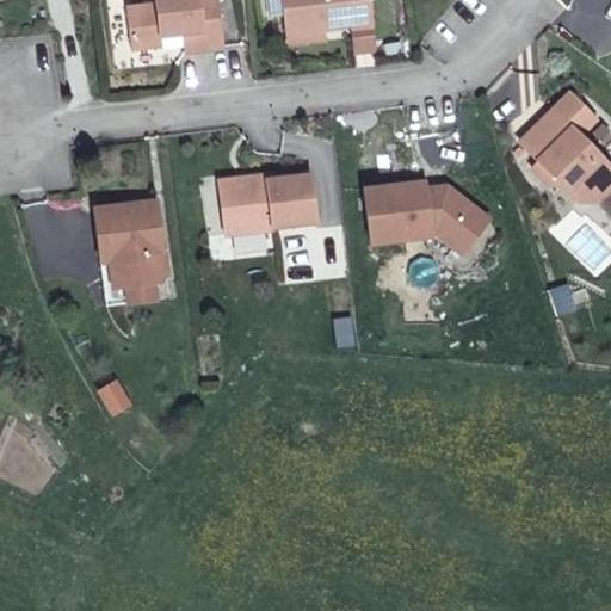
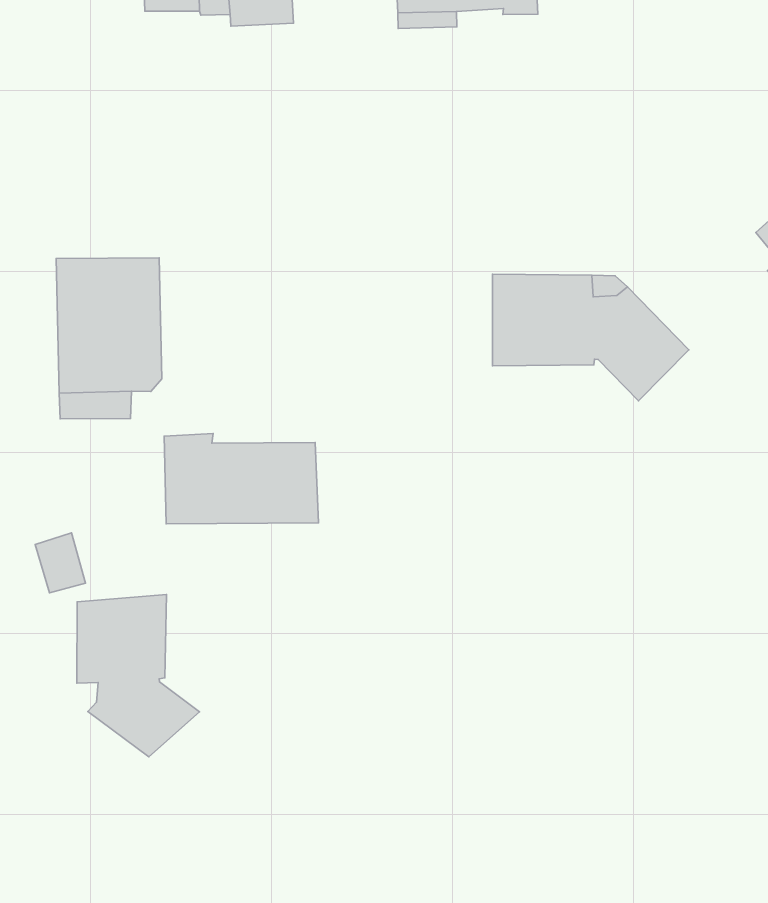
building: [218,173,319,233] -> [164,433,318,524]
building: none -> [77,595,199,757]

